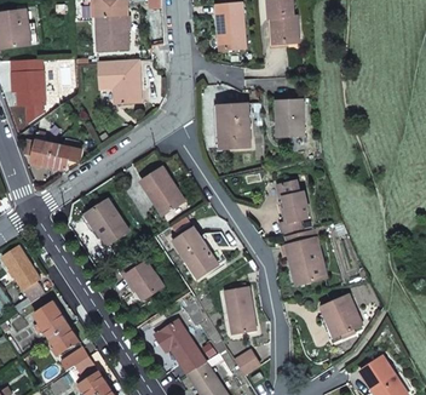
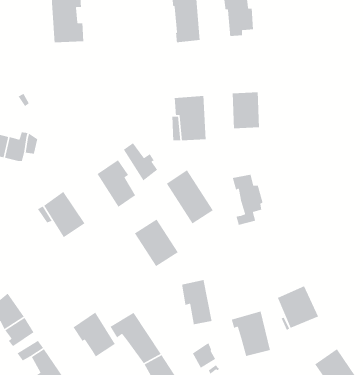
building: [97,61,139,105] -> none
building: none -> [123,142,158,181]
building: none -> [166,169,214,225]
building: [284,237,324,284] -> [231,311,271,357]
building: [119,254,162,300] -> [72,312,116,358]

